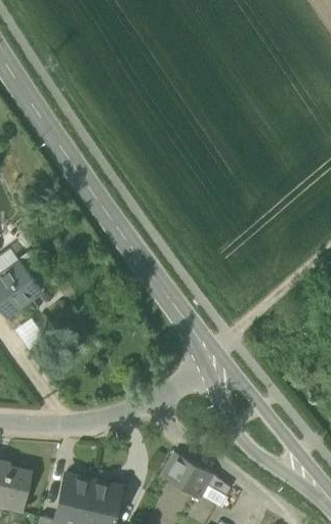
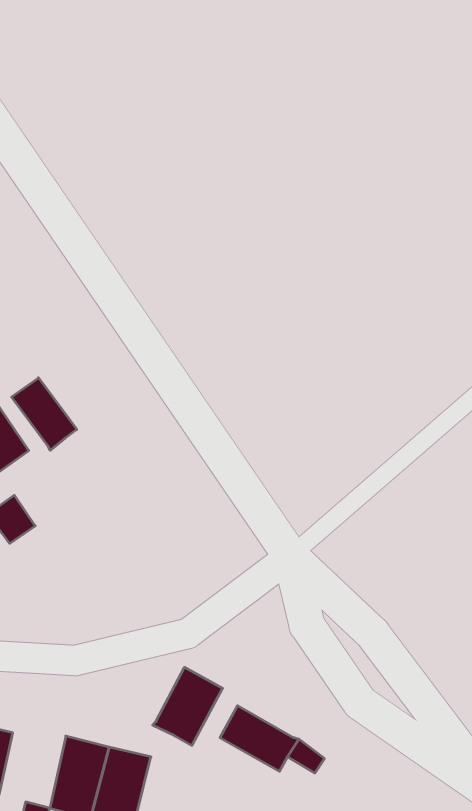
building: none -> [12,378,77,450]
building: none -> [153,667,223,745]

